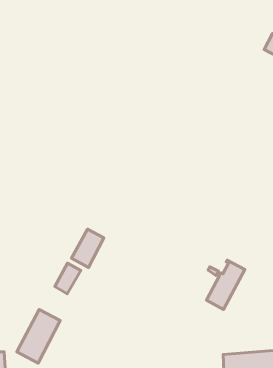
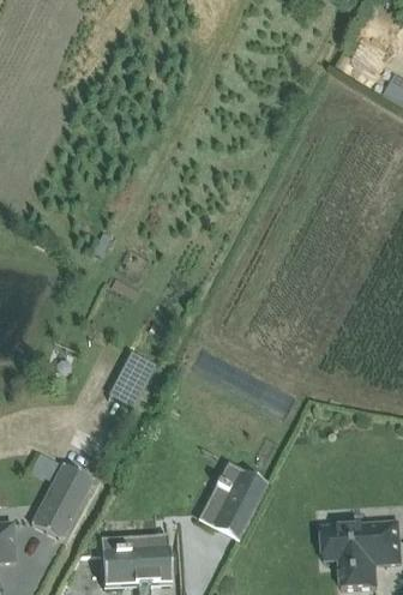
building: [207,260,245,310] -> [213,469,267,539]
building: [55,263,81,294] -> none

